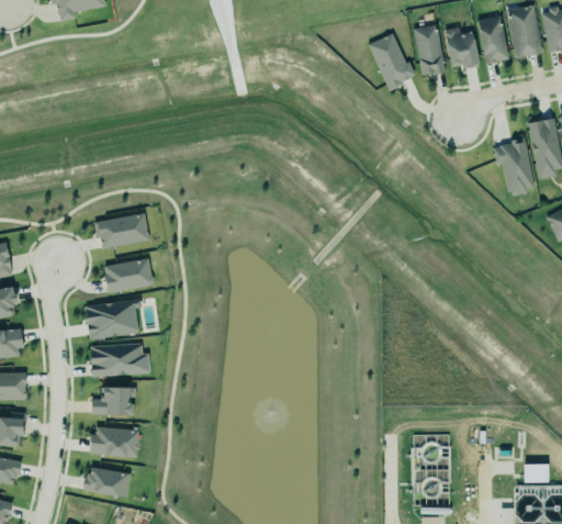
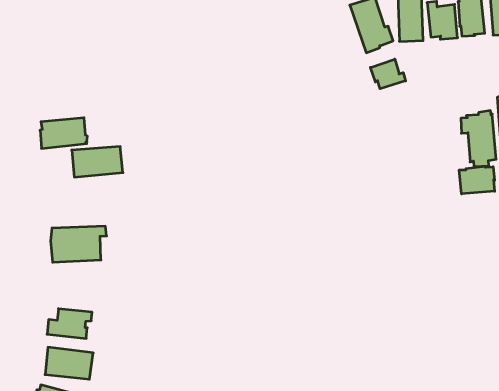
building: none -> [370,59,406,89]
building: none -> [459,166,495,194]
building: [102,257,151,293] -> [40,118,87,148]
building: [91,344,150,377] -> none

